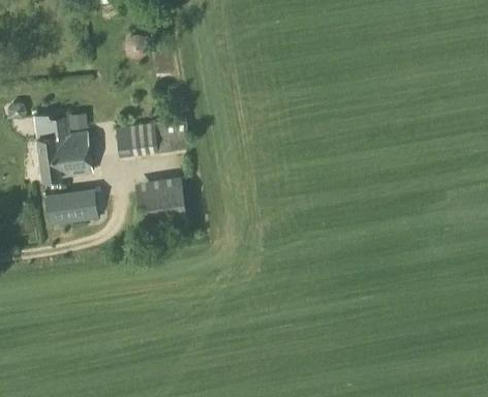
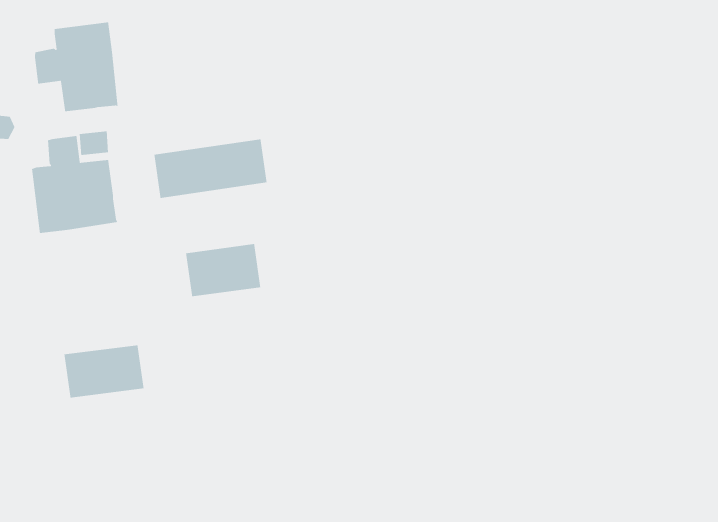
building: none -> [34,22,118,112]
building: [44,188,97,223] -> [64,344,145,398]

